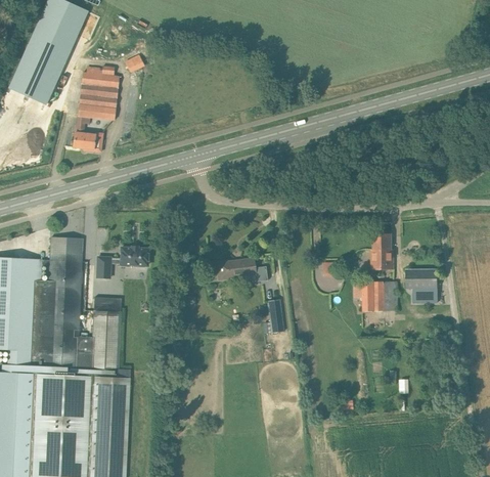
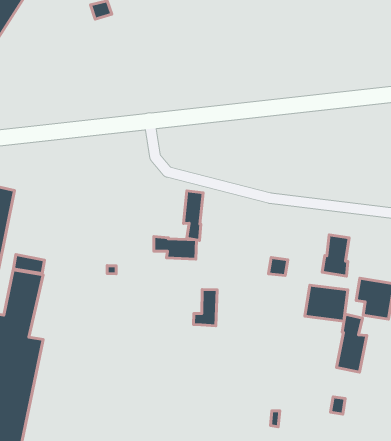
building: [73,64,119,151] -> none
building: none -> [183,191,203,240]
building: [96,247,148,277] -> none
building: none -> [337,314,367,372]

